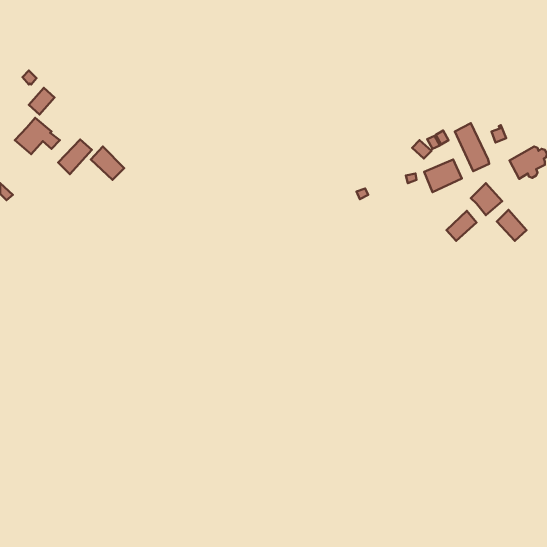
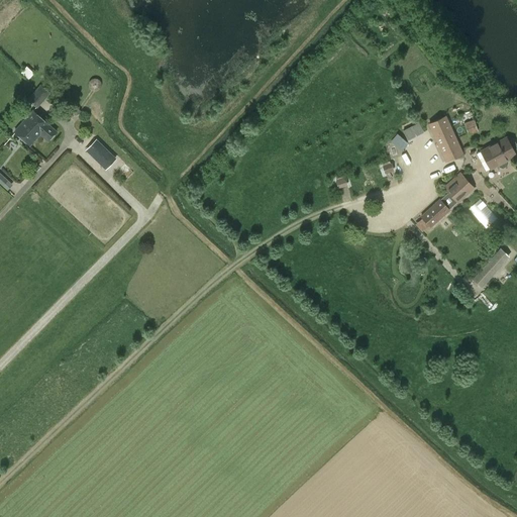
building: [58,139,92,174] -> none
building: [424,160,462,192] -> none
building: none -> [473,242,510,286]

